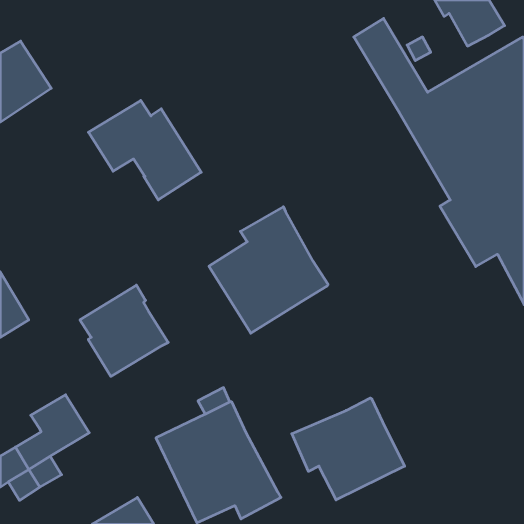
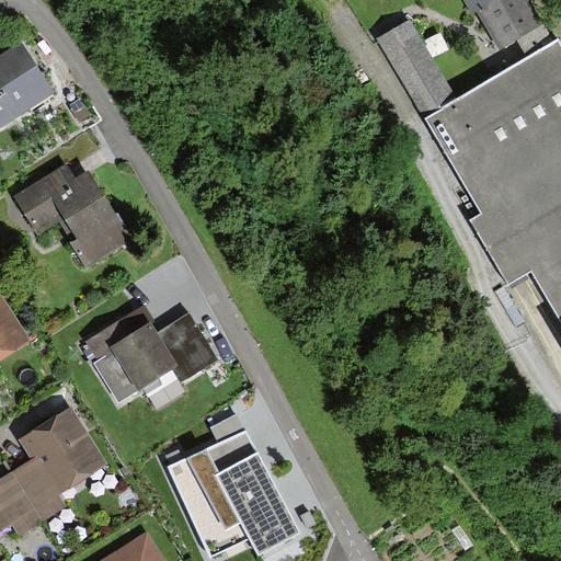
building: [88,100,201,200] -> [12,161,133,267]
building: [209,207,328,333] -> none
building: none -> [159,313,218,381]
building: [292,398,405,500] -> none

